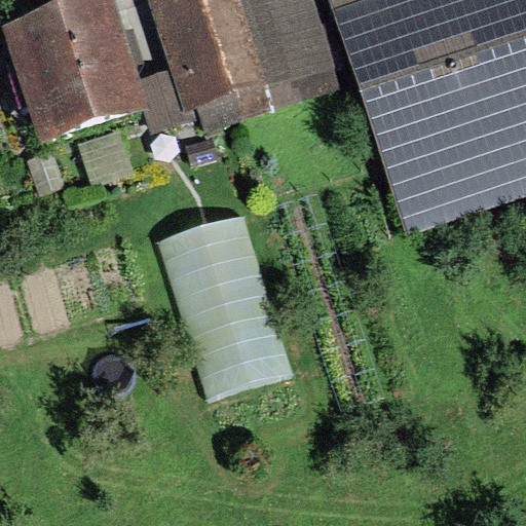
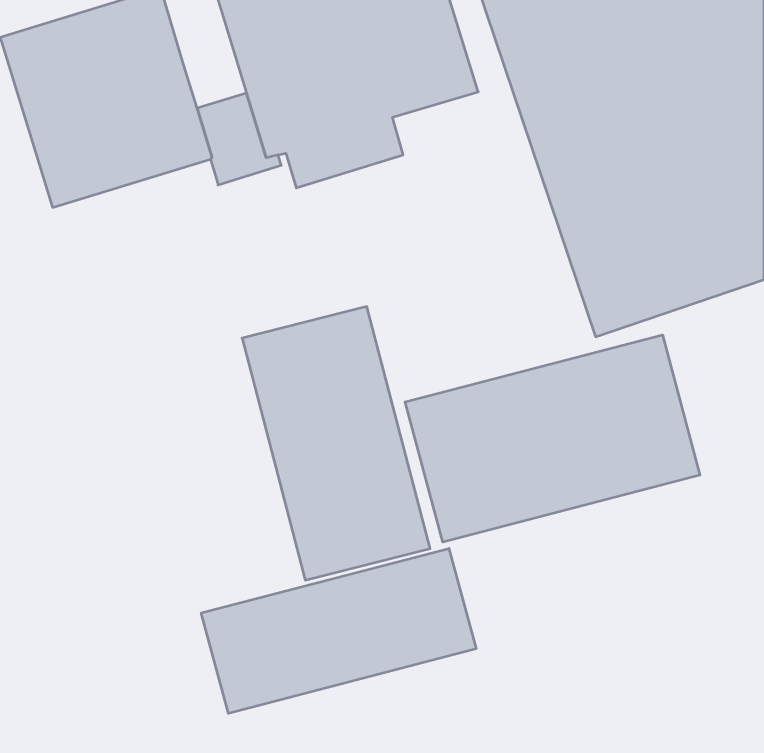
building: none -> [405,335,700,542]
building: none -> [201,548,476,713]

